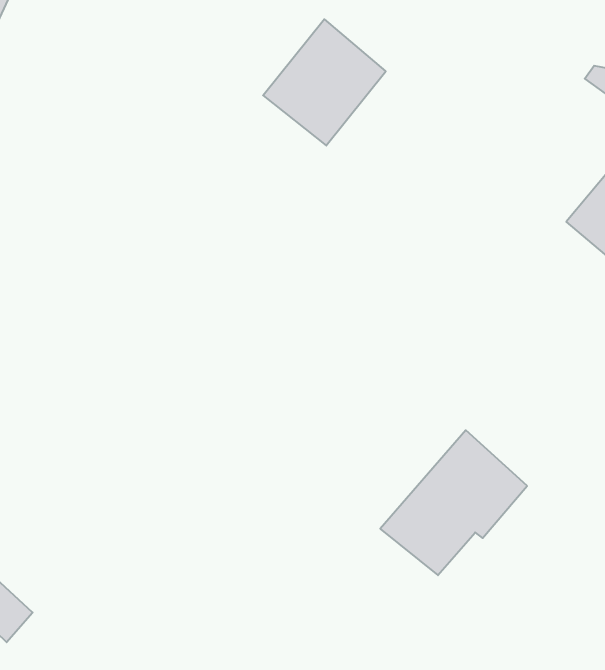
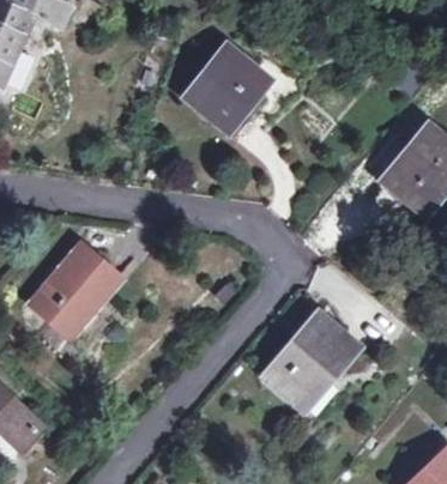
building: none -> [32,248,119,338]

